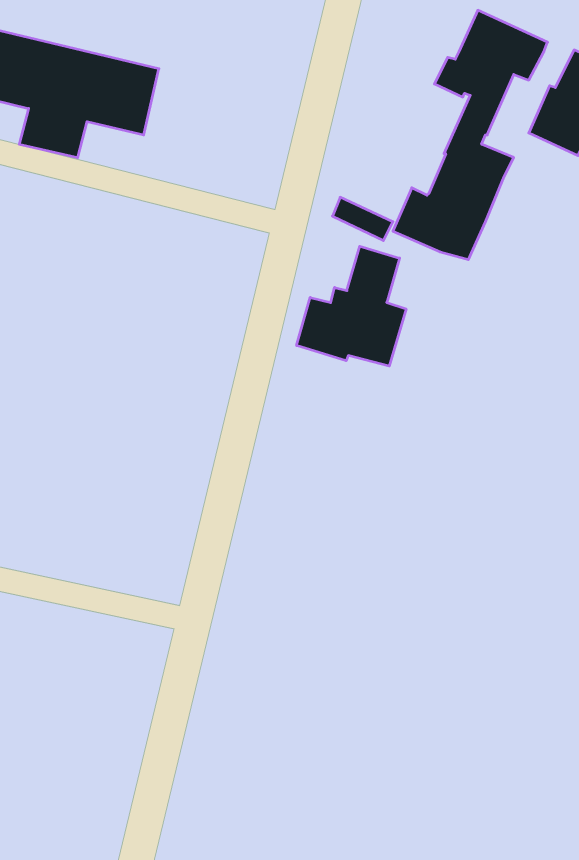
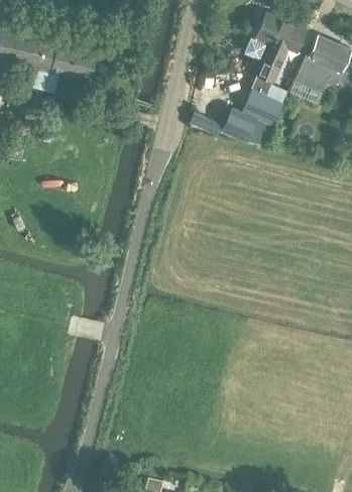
building: [297,246,406,366] -> none

